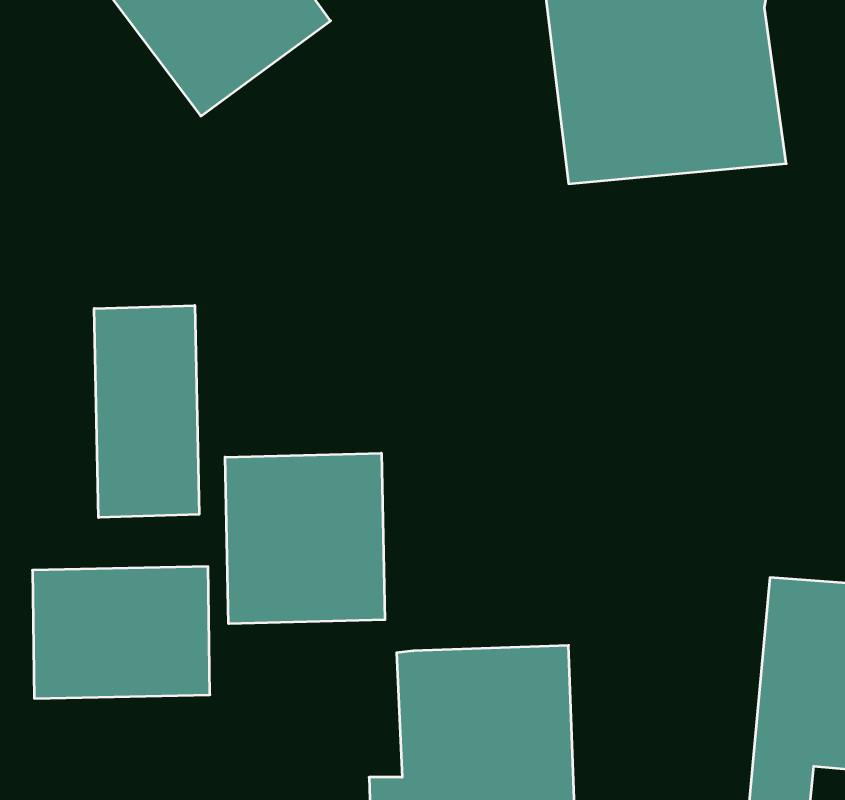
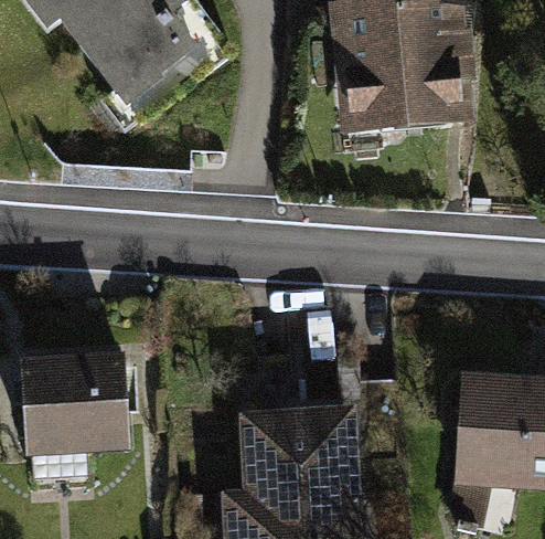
building: [94,305,199,518] -> none
building: [225,453,385,624] -> none

